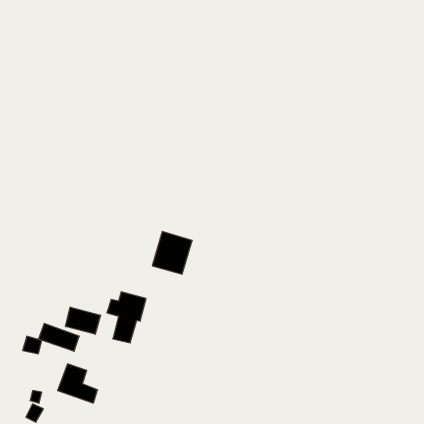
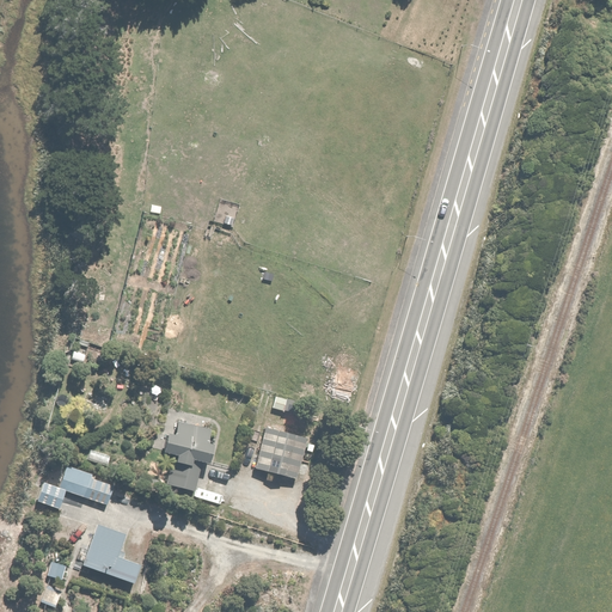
building: [152,231,192,274] -> [253,422,311,483]
building: [66,307,101,334] -> none

